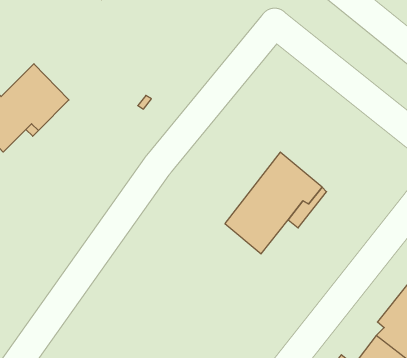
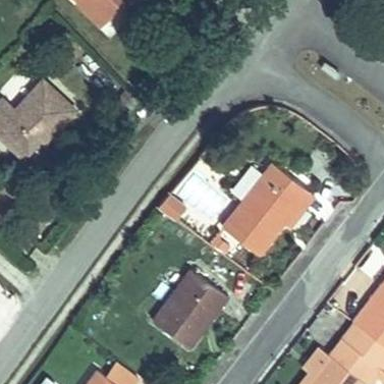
building: none -> [143,268,217,343]

